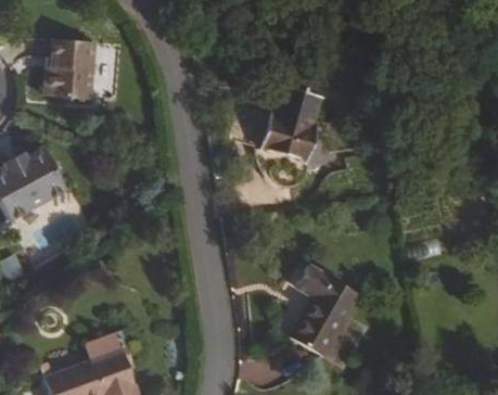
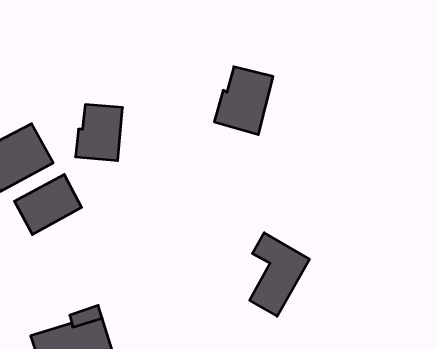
building: [49,35,101,97] -> [75,105,123,161]
building: none -> [14,174,82,235]

